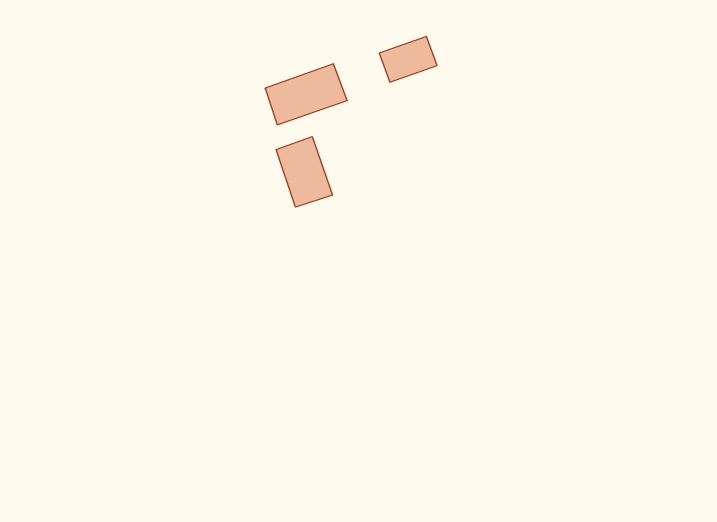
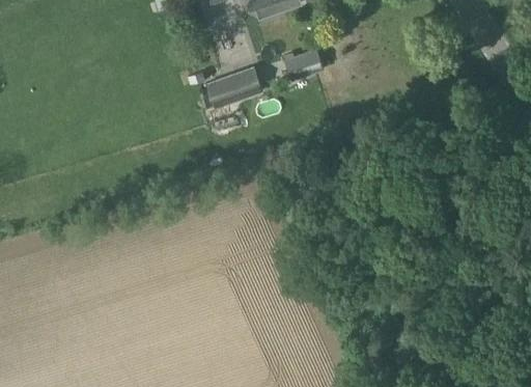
building: [276,137,332,207] -> none

